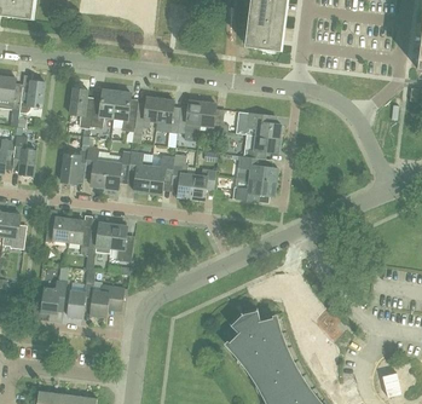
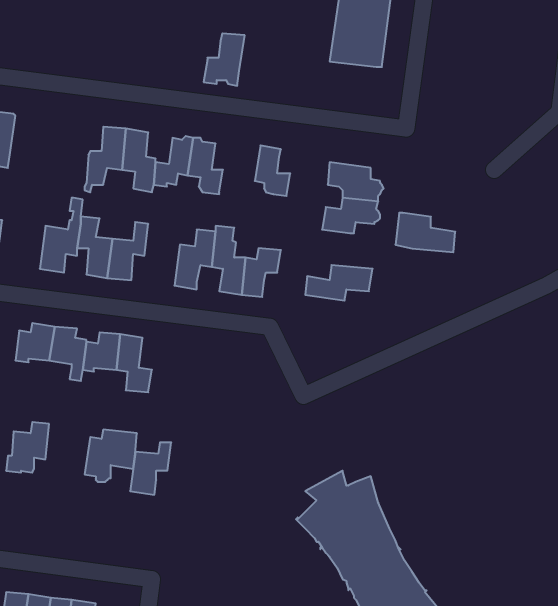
building: [69,85,91,135] -> none
building: [175,99,202,133] -> [204,33,245,86]
building: [127,150,150,191] -> none
building: [237,155,276,180] -> [395,213,455,252]
building: [65,283,92,317] -> [130,442,171,495]

